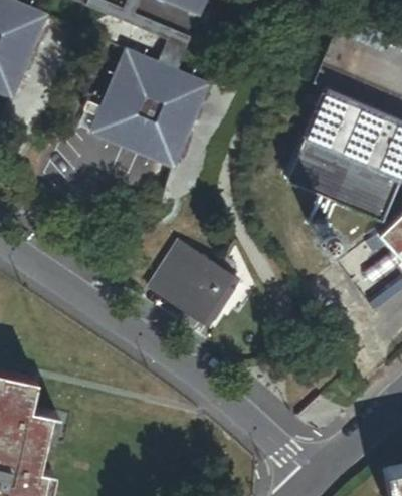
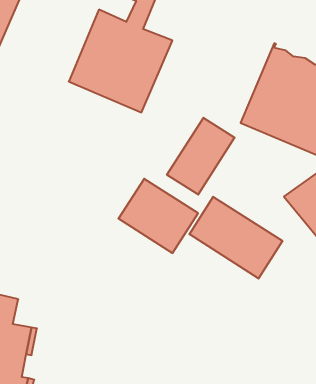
building: none -> [167,118,235,195]
building: none -> [189,197,282,279]

